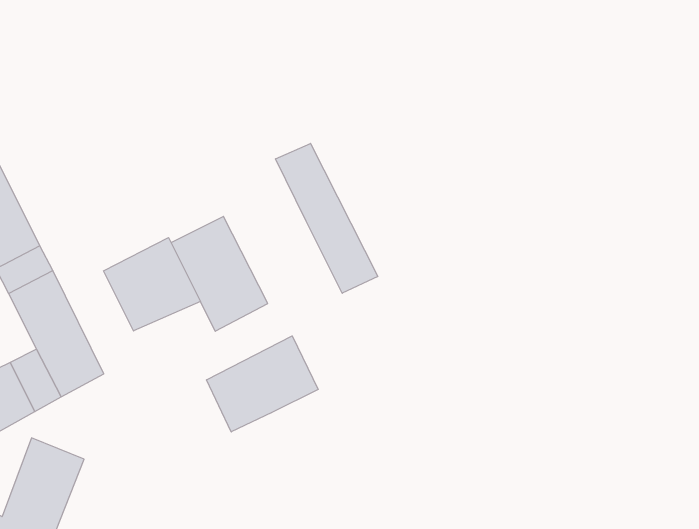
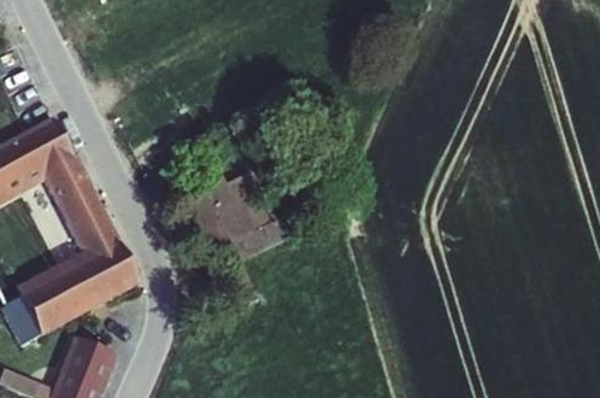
building: [276,143,378,293] -> none
building: [104,238,200,331] -> none
building: [207,336,318,432] -> none

